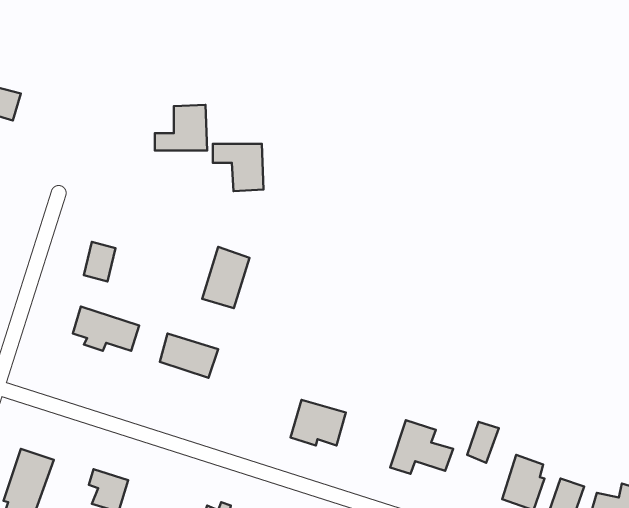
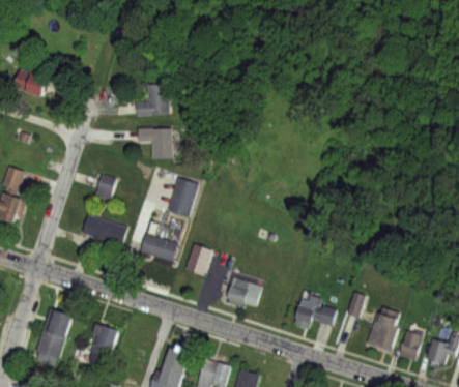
building: [213,144,263,191] -> [140,128,173,159]
building: none -> [185,244,210,275]

